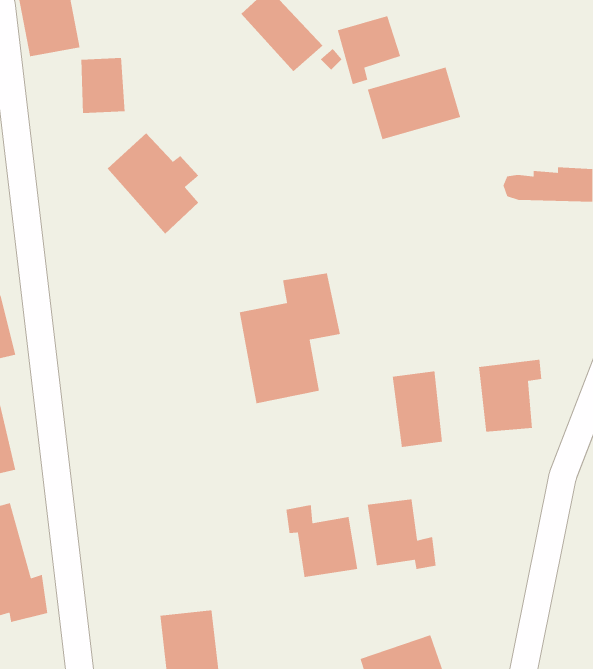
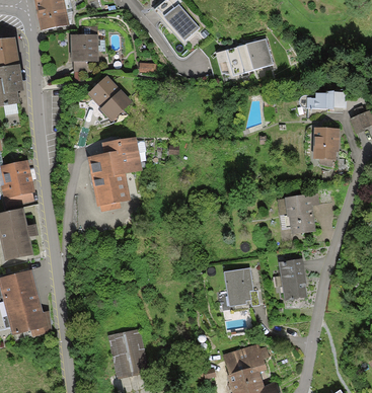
building: [337,15,401,85] -> none
building: none -> [312,129,337,161]
building: [239,272,341,404] -> [87,135,142,206]
building: [392,371,443,448] -> [278,259,305,301]
building: [285,504,358,578] -> none

